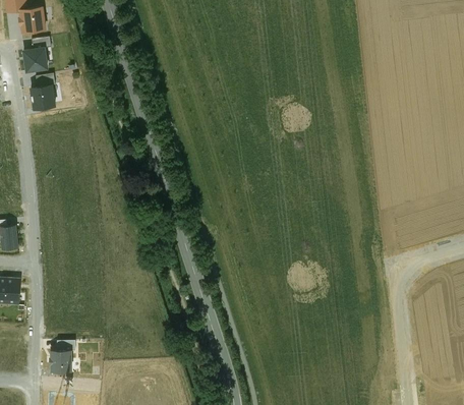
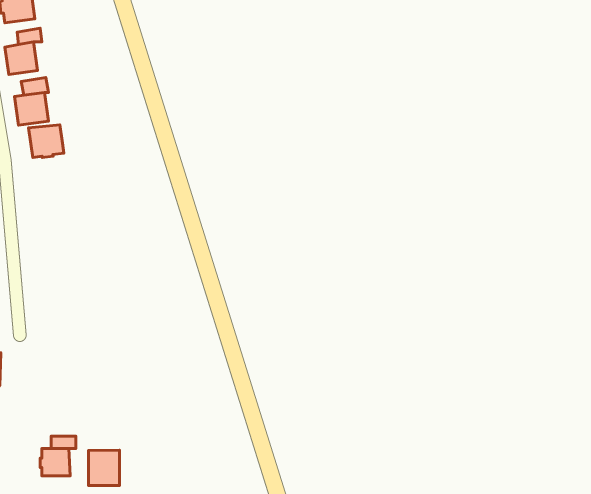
building: none -> [29,125,64,158]
building: none -> [88,450,119,486]

